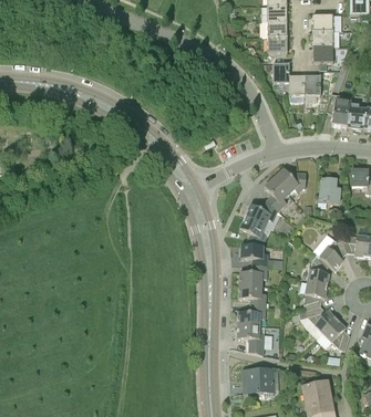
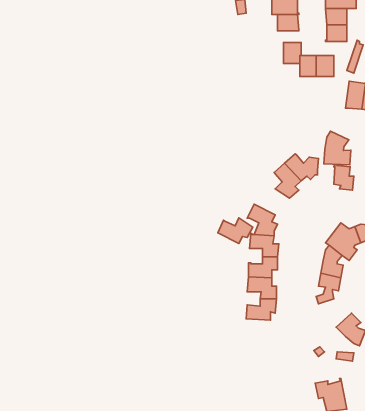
building: none -> [324,131,351,165]
building: [245,200,278,225] -> [218,218,253,243]
building: [298,304,337,331] -> none
building: [237,323,264,353] -> none
building: [243,367,274,392] -> none

